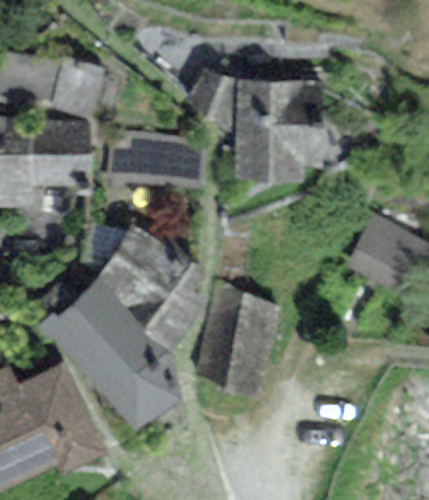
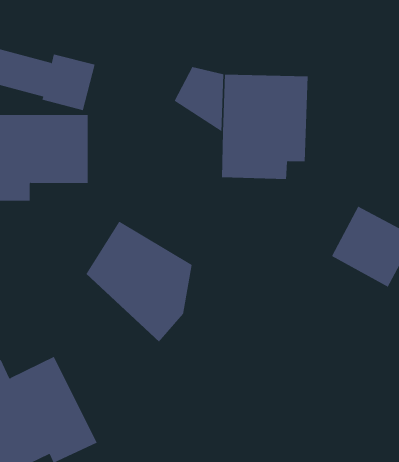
building: [105,130,201,186] -> none
building: [33,279,180,431] -> none
building: [193,287,276,392] -> none

